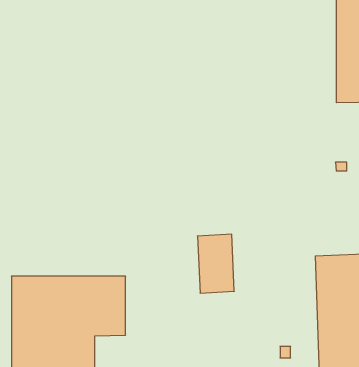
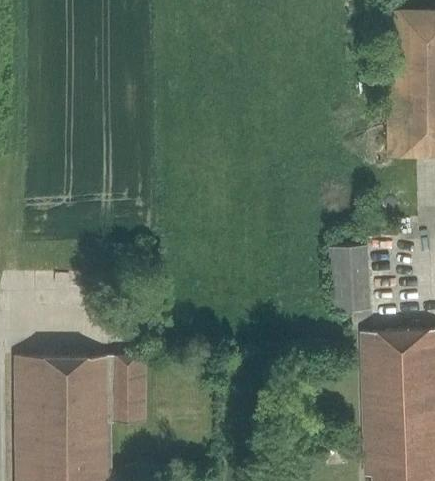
building: [197,234,234,293] -> [329,245,371,312]

